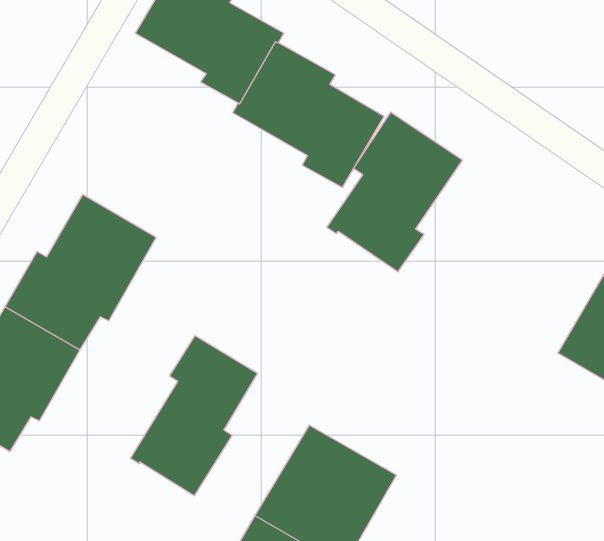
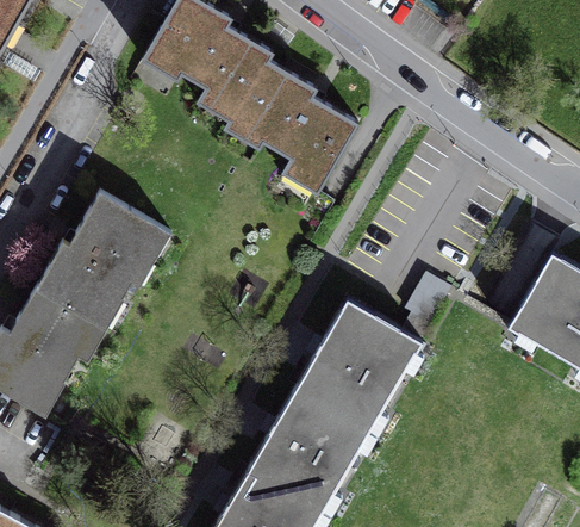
building: [327,112,463,272] -> none
building: none -> [294,277,450,434]
building: [131,335,257,496] -> none

